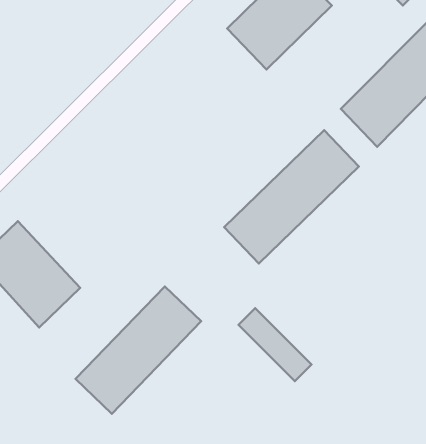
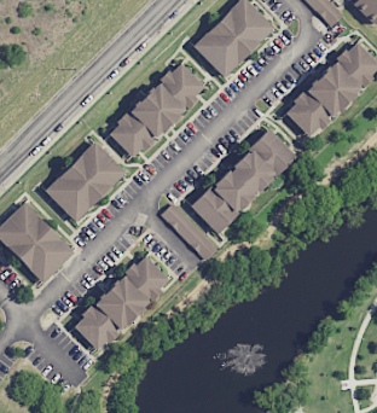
building: none -> [106,59,208,161]
building: none -> [44,139,127,222]
building: [239,308,311,381] -> [161,202,219,260]

